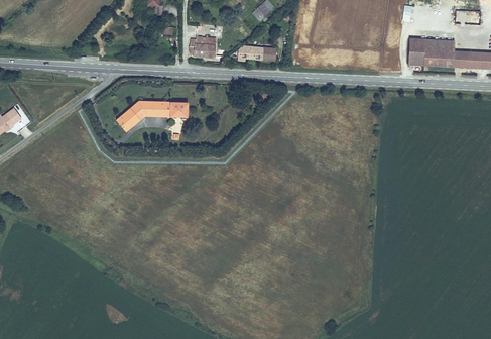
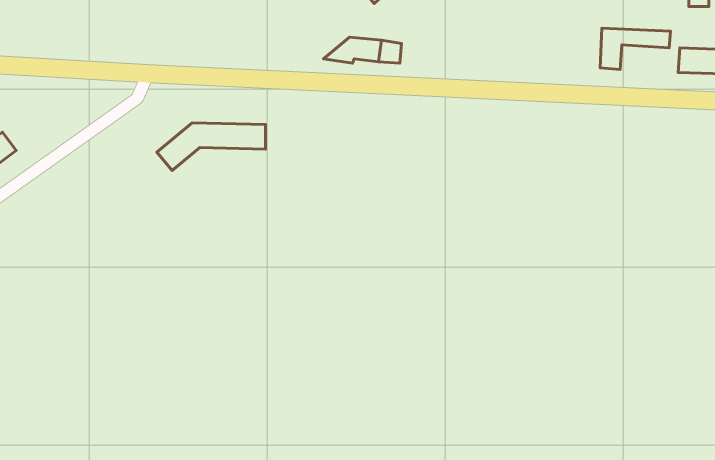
building: [191,34,216,55] -> none
building: [421,49,454,67] -> none

